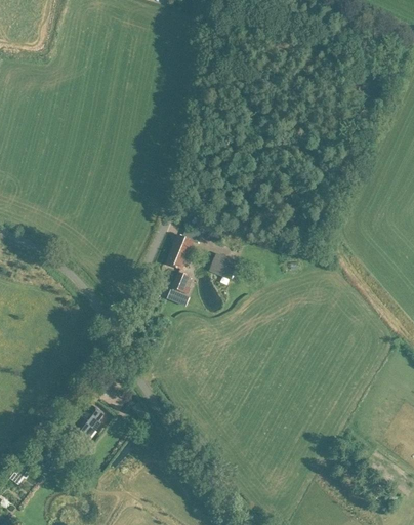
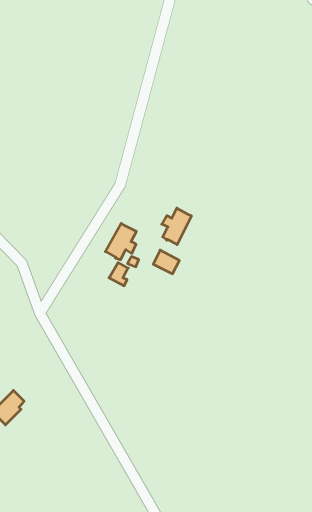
building: none -> [162,208,191,245]

